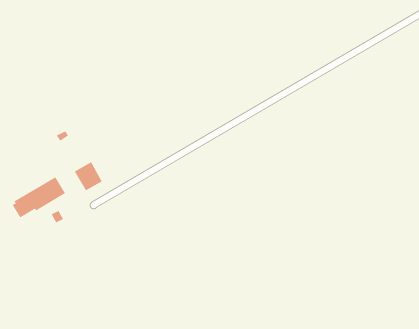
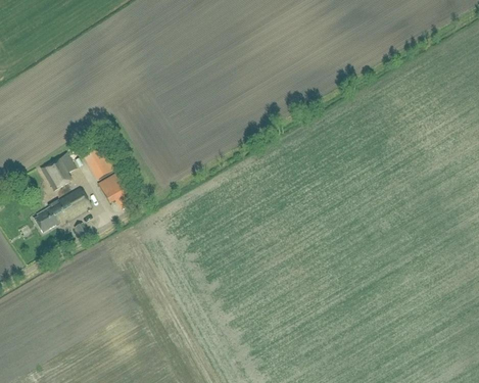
building: none -> [83,150,109,177]
building: none -> [41,157,74,192]

